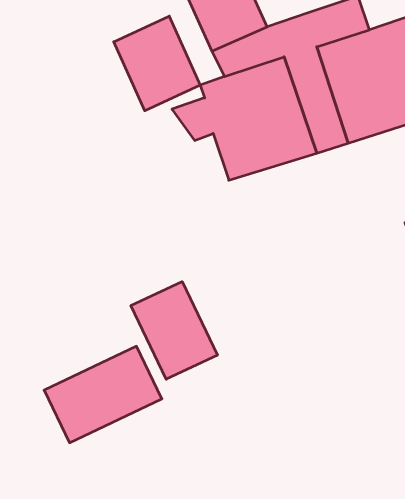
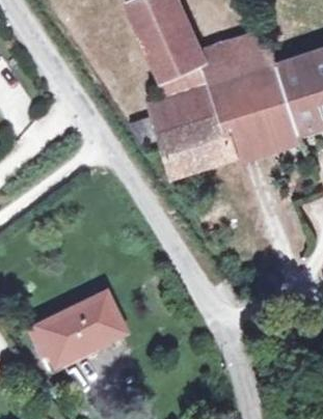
building: [114,16,200,111] -> none
building: [131,282,217,379] -> none

